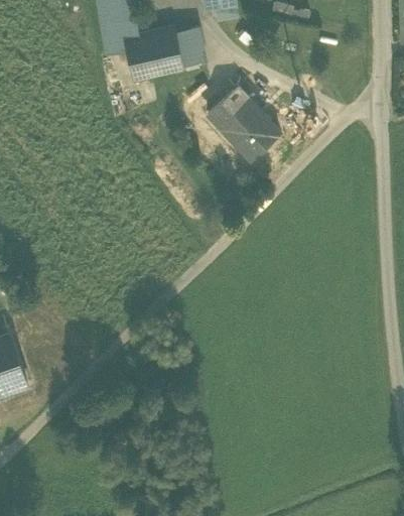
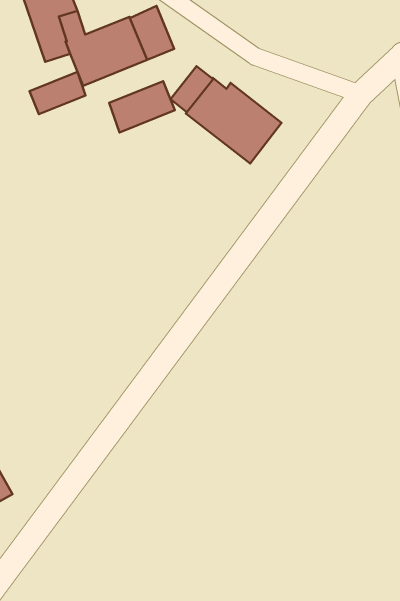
building: none -> [30,72,86,114]
building: none -> [109,81,175,133]

